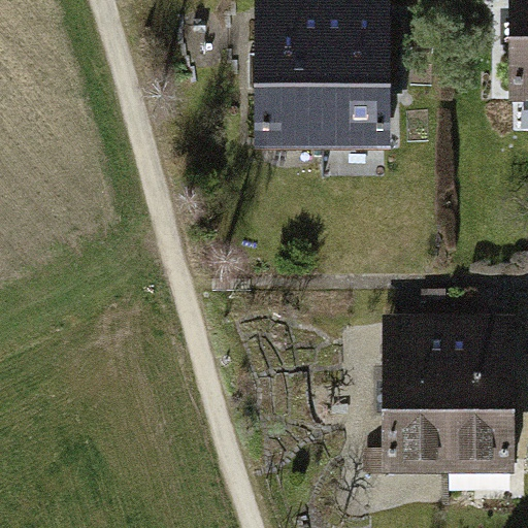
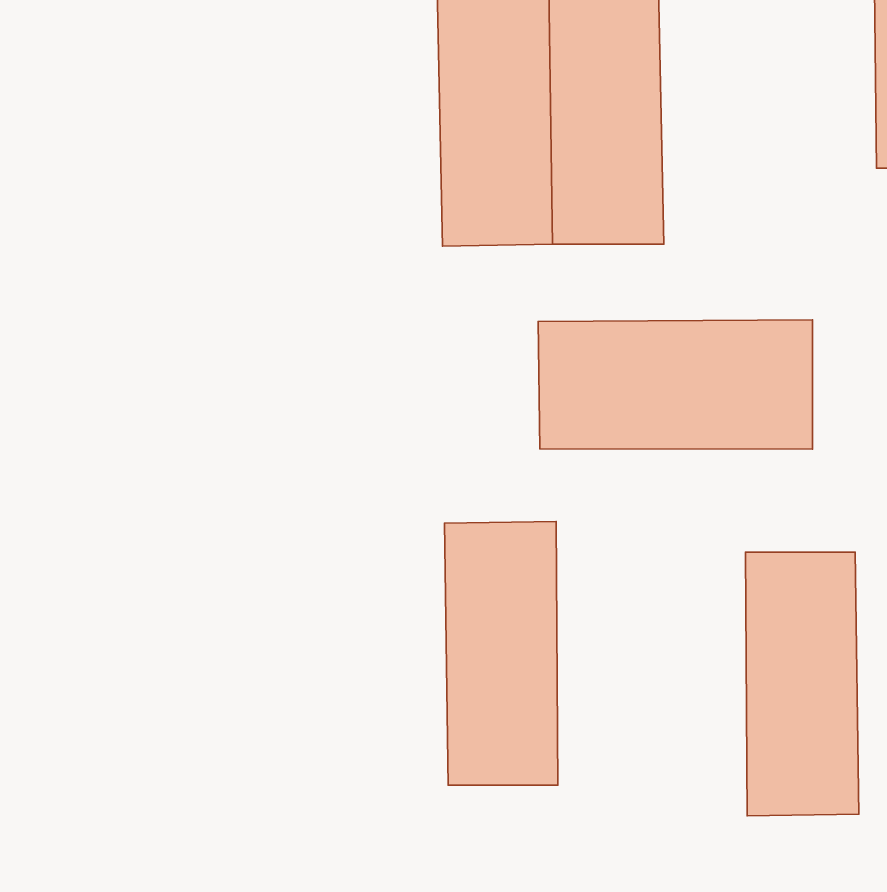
building: none -> [538,320,813,449]
building: [380,322,446,475] -> [445,521,558,785]

